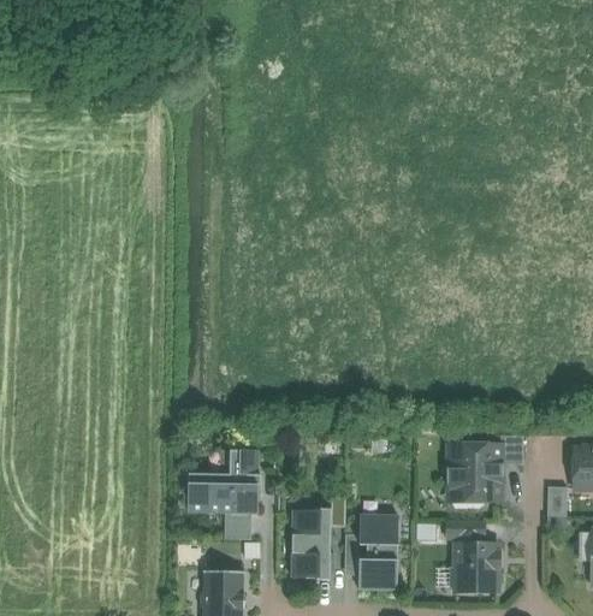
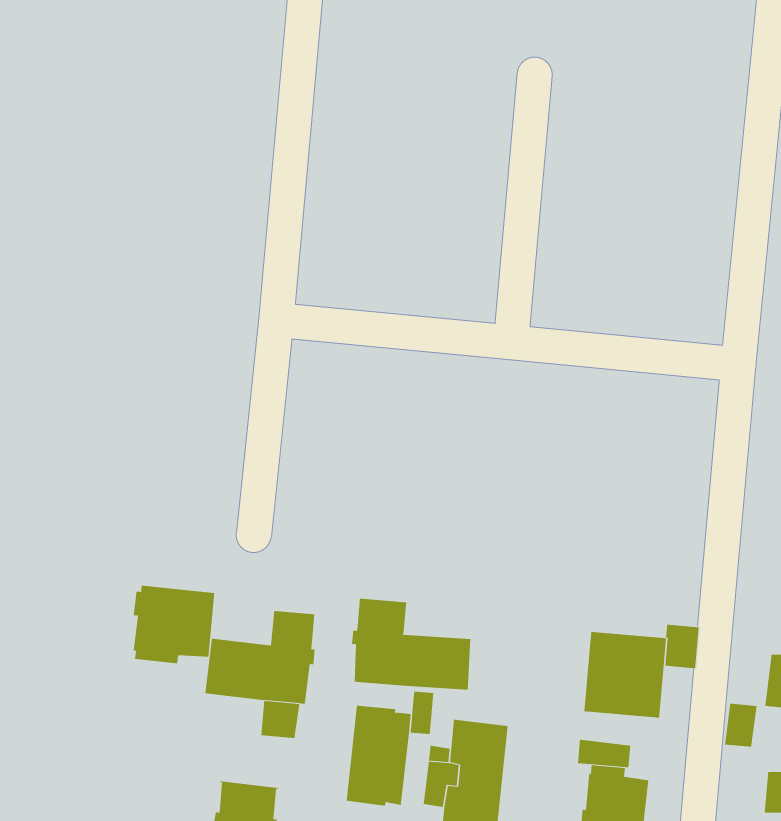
building: none -> [351,598,471,691]
building: none -> [133,585,215,664]

